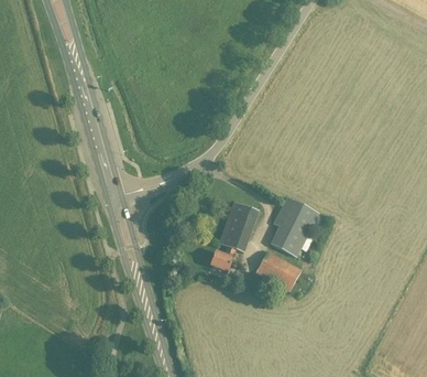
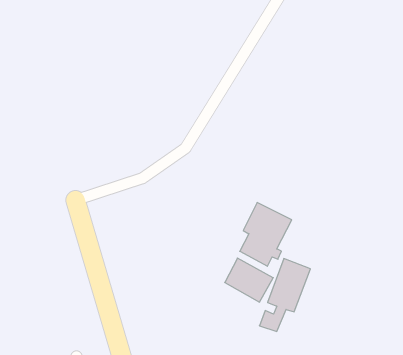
building: [210,202,259,271] -> [259,259,310,331]

